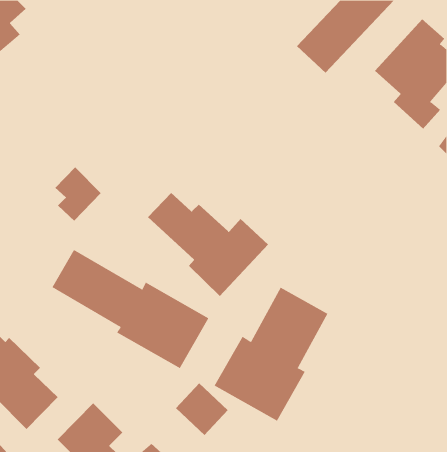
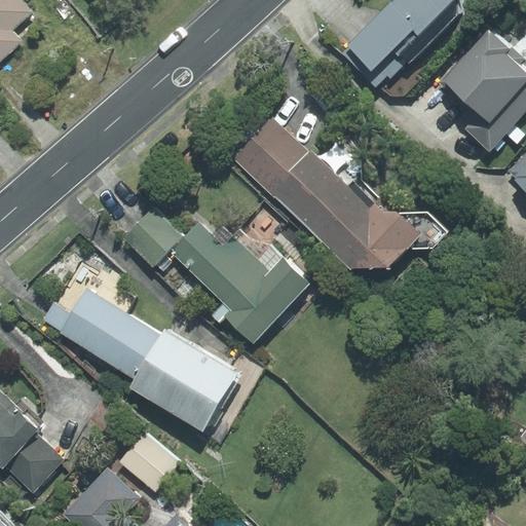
building: none -> [242,116,427,269]
building: [55,167,102,222] -> [127,204,182,268]
building: [214,287,328,421] -> none
building: [175,383,228,436] -> [118,431,180,493]

